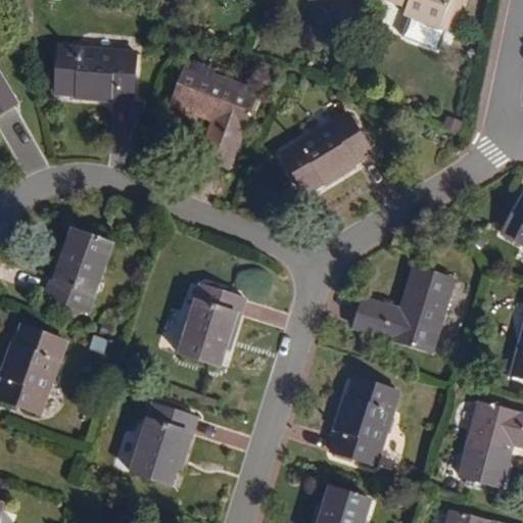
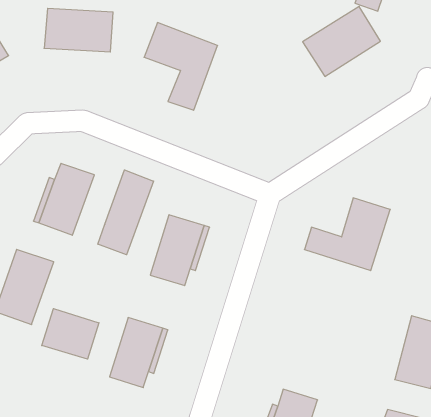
building: [275,111,365,192] -> [303,6,380,76]
building: none -> [98,170,154,255]
building: [334,378,400,464] -> none
building: none -> [42,309,99,359]

